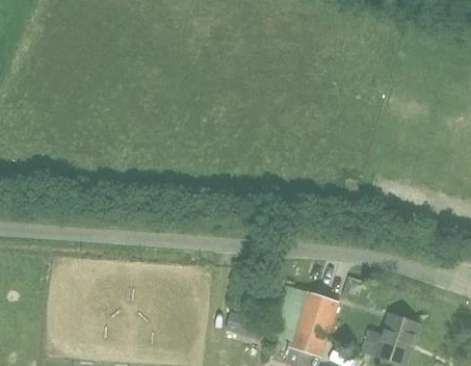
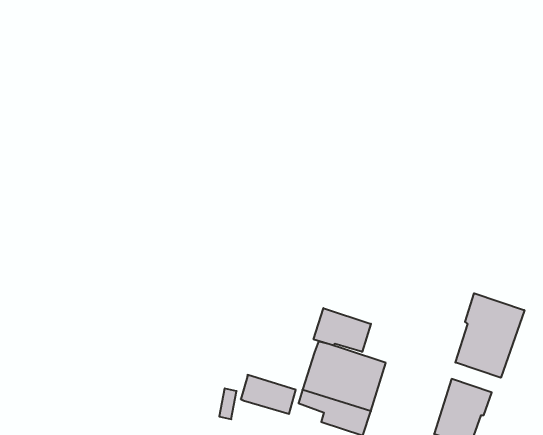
building: none -> [455,293,524,378]
building: none -> [314,308,371,352]

